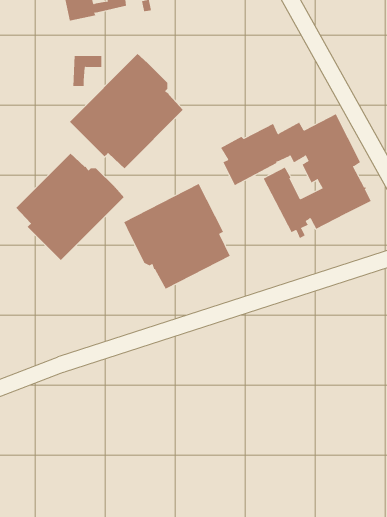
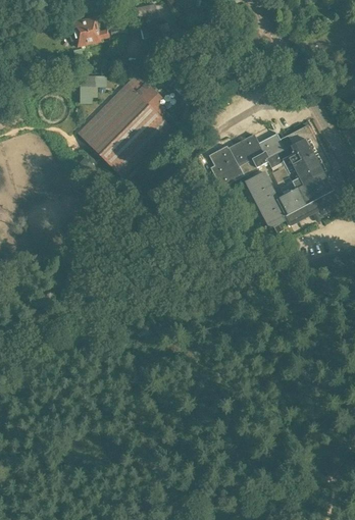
building: [16,153,124,261] -> none
building: [124,183,231,290] -> none

